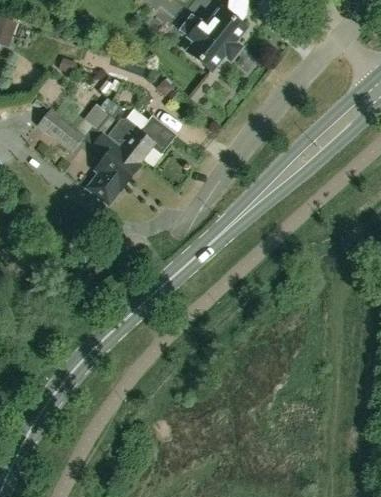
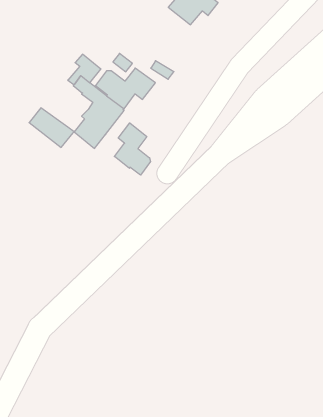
building: [36,109,85,152] -> [29,108,74,147]
building: none -> [114,123,151,175]

